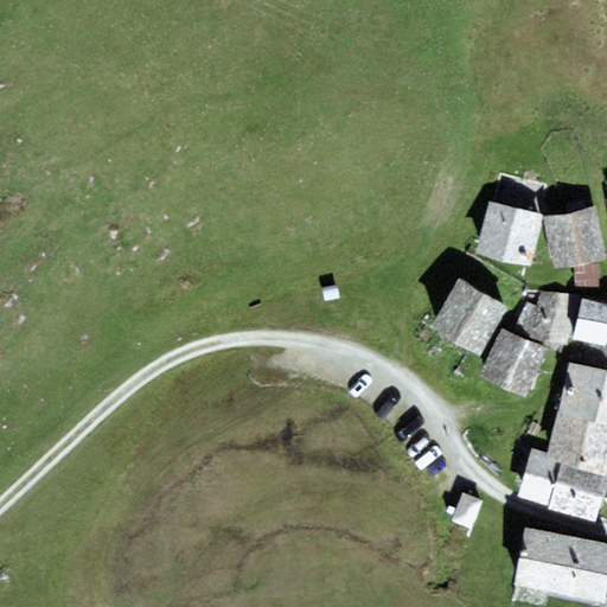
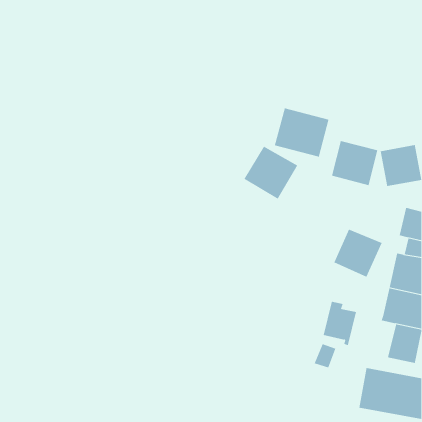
building: none -> [274,107,329,158]
building: [430,279,509,356] -> [244,146,298,199]
building: [515,292,580,345] -> none
building: [519,449,568,513] -> [323,301,357,346]

